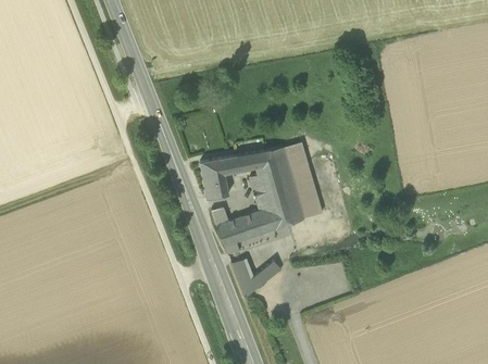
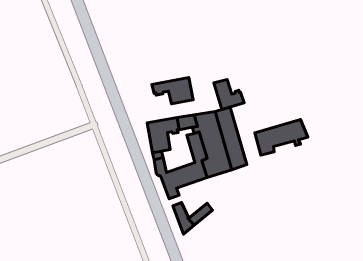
building: none -> [152,77,193,104]
building: none -> [214,79,244,110]
building: none -> [255,120,308,155]

